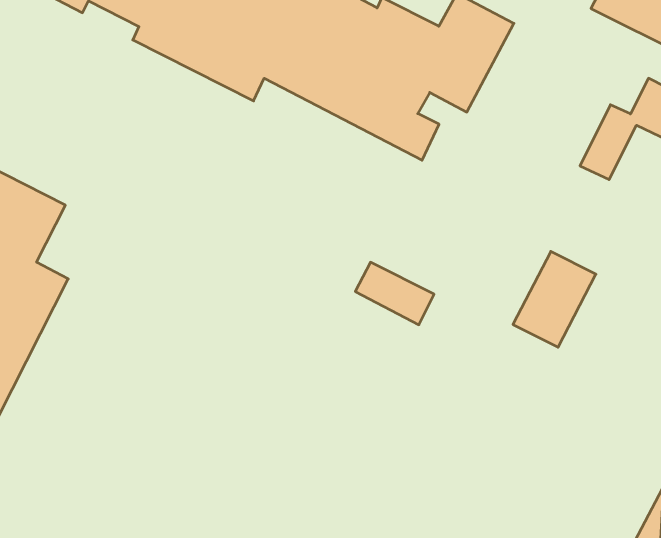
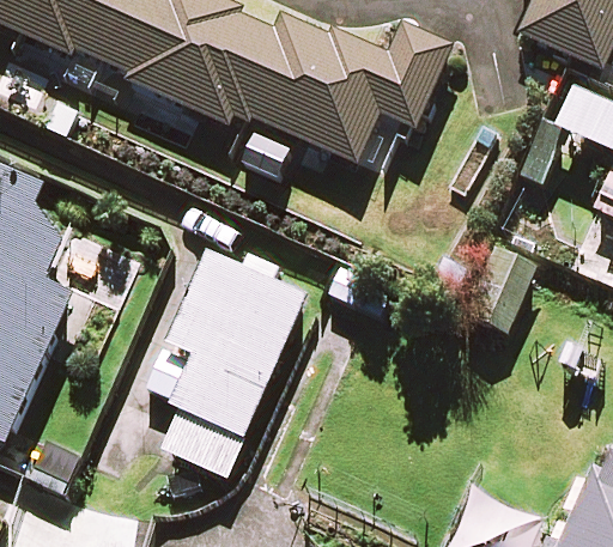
building: none -> [152,250,306,472]

